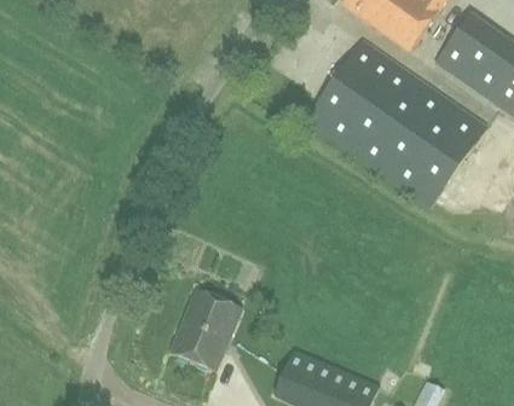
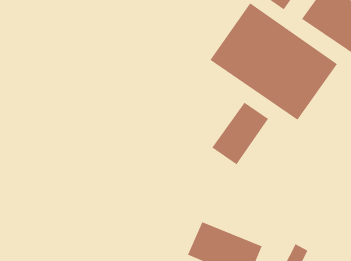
building: none -> [212,102,269,165]
building: [172,290,239,369] -> none

